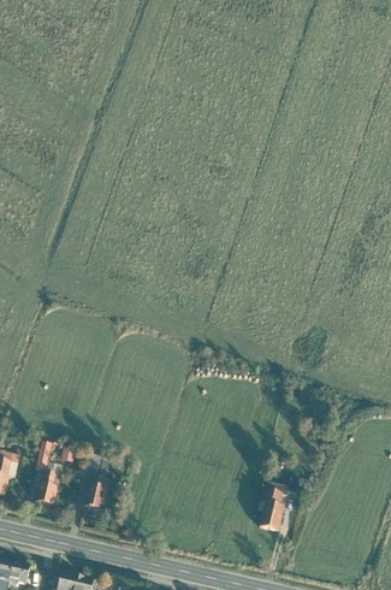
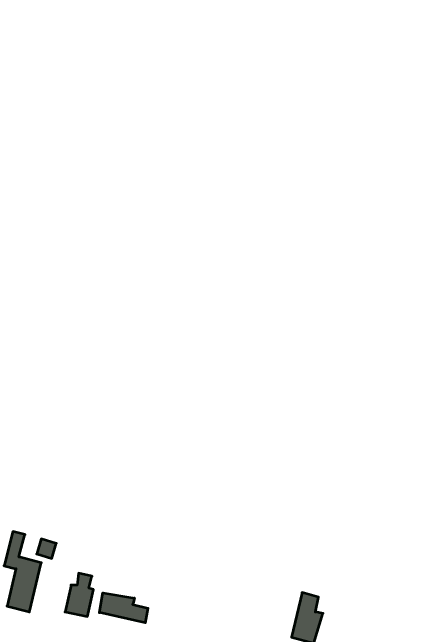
building: none -> [99,593,148,623]

